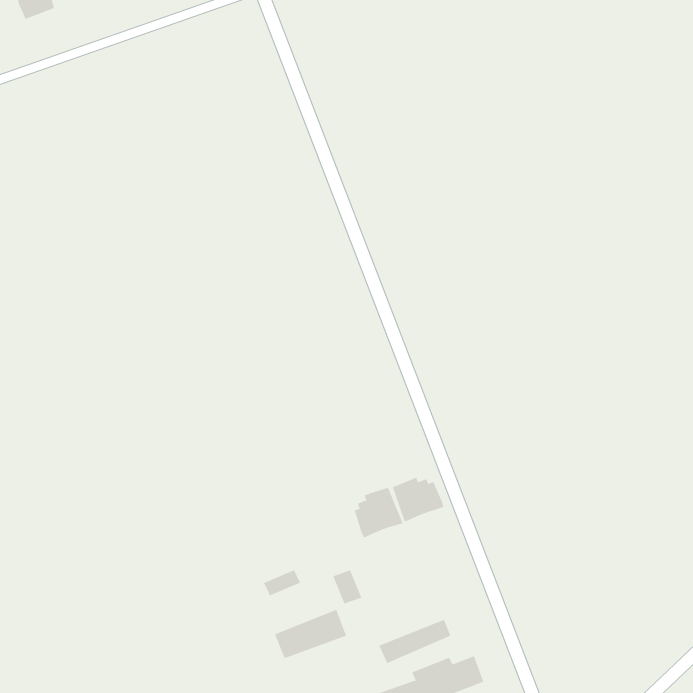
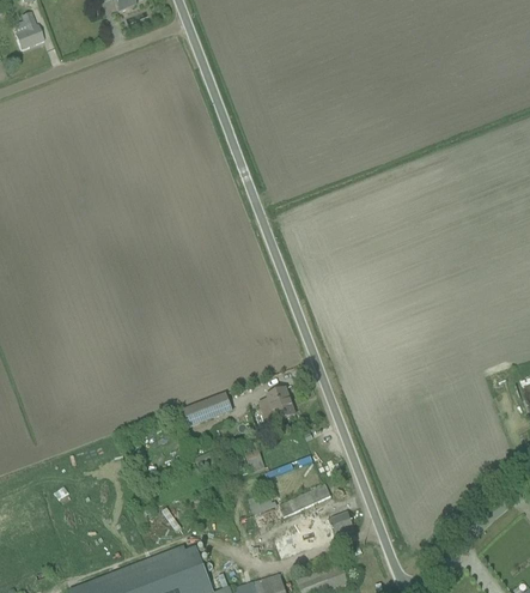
building: [392,477,444,522] -> none
building: [274,609,347,659] -> [179,392,232,428]

